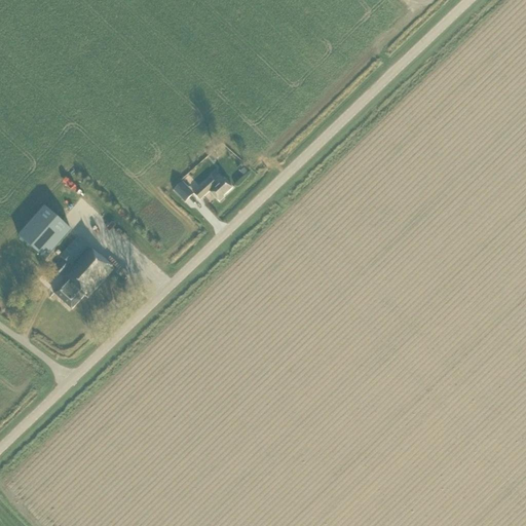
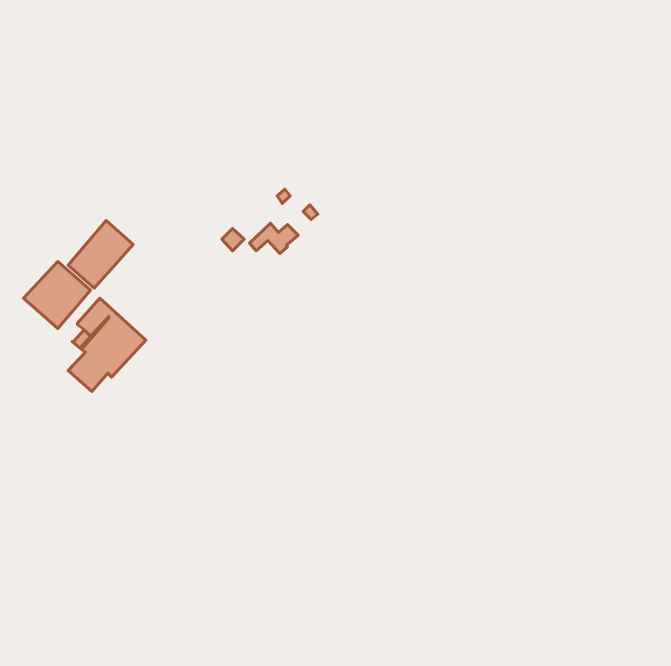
building: none -> [68,221,133,288]

